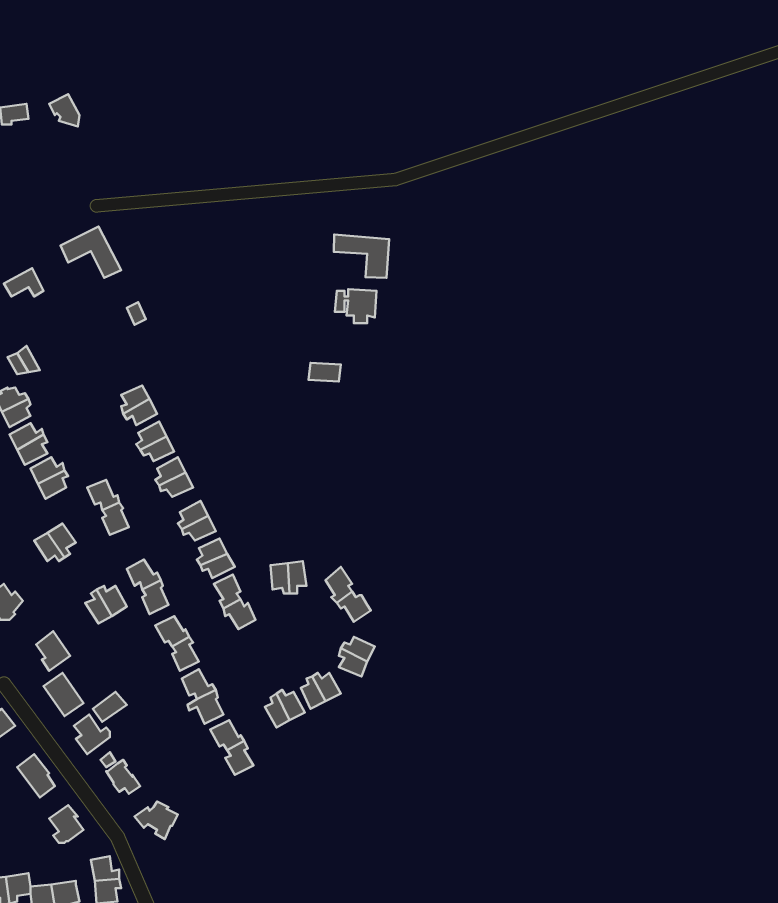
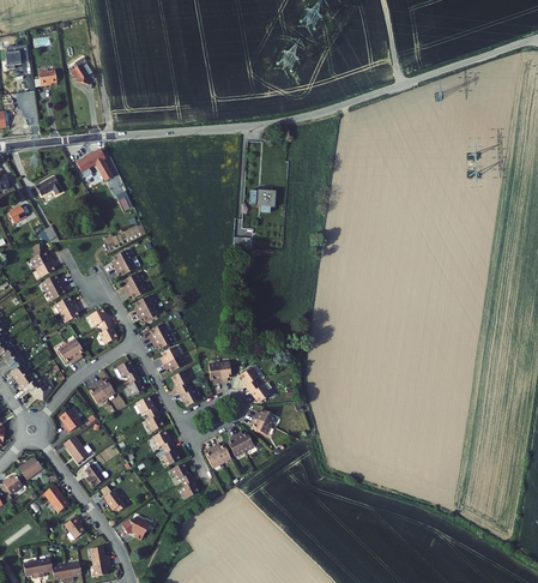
building: [334,235,389,278] -> none

